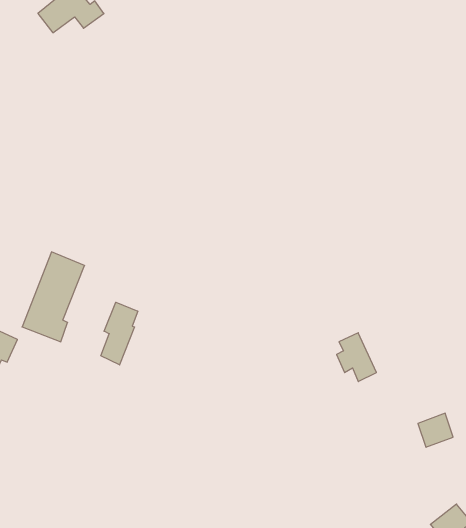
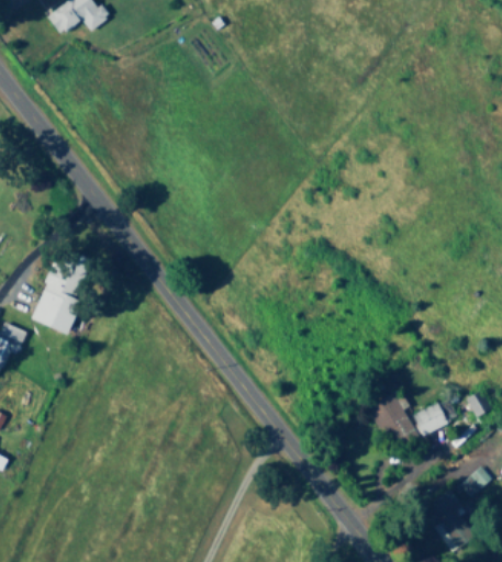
building: [101,302,138,365] -> none
building: [337,333,376,382] -> [375,393,413,440]

